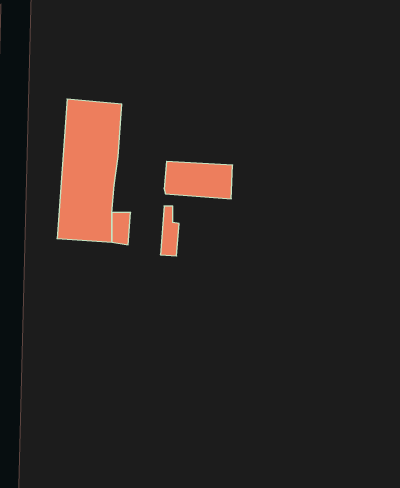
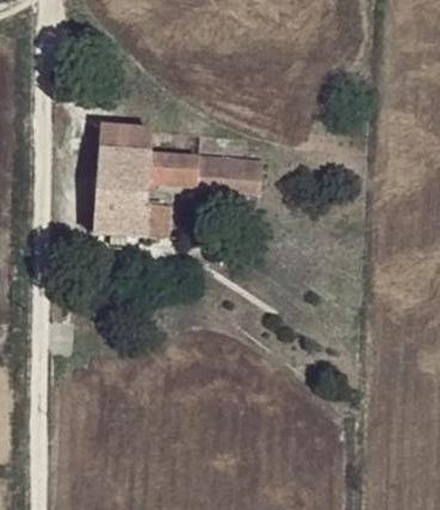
building: none -> [148,156,198,187]

